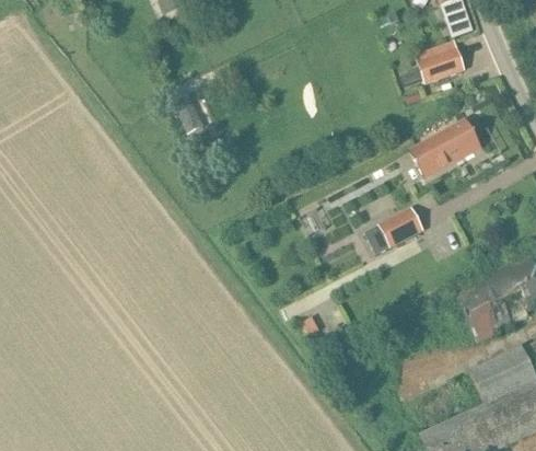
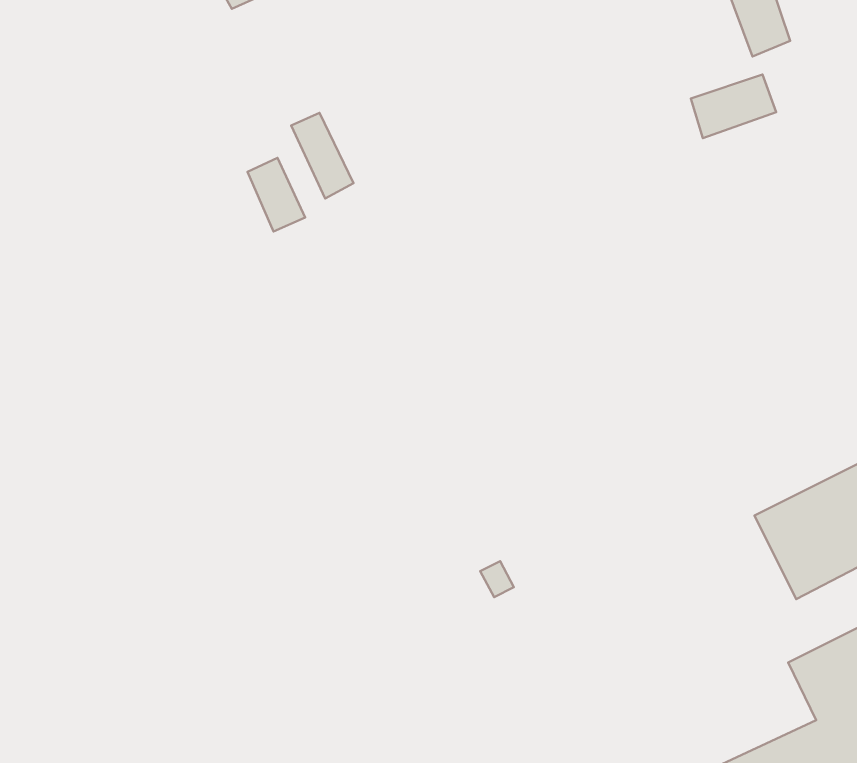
building: none -> [291,113,353,199]
building: [411,120,479,173] -> none
building: [378,205,424,246] -> none

